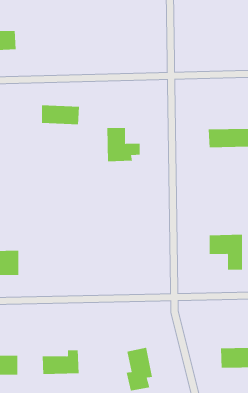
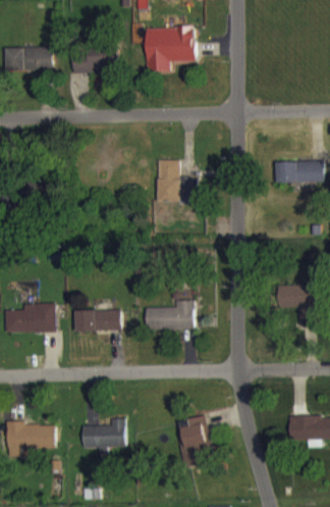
building: none -> [145,26,194,70]
building: [41,105,80,125] -> [72,49,117,72]
building: none -> [146,300,194,328]
building: none -> [75,309,120,331]

